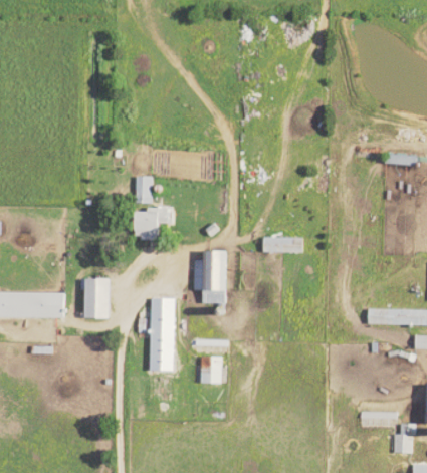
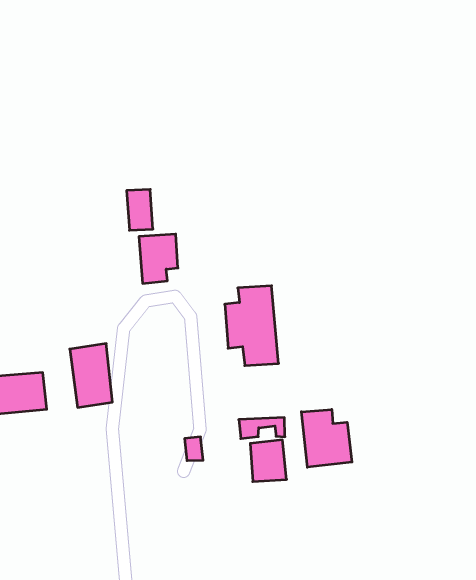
building: [261,237,300,253] -> none
building: [147,297,173,338] -> none
building: none -> [301,409,352,467]

